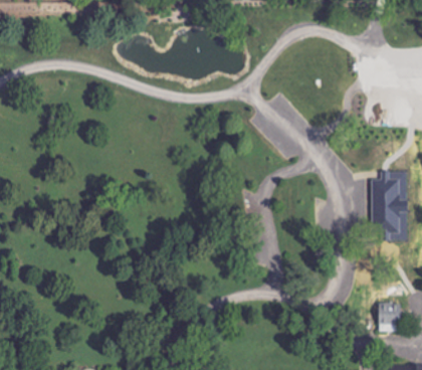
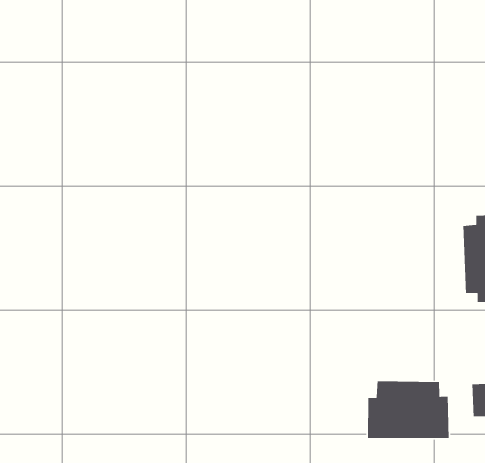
building: none -> [367,381,449,439]

